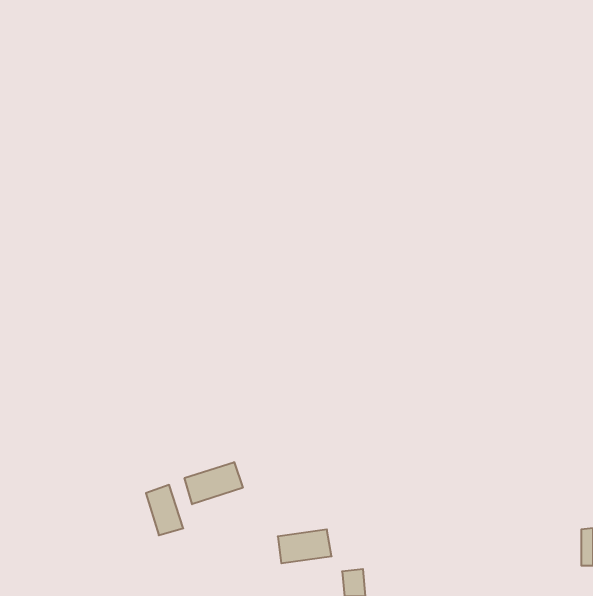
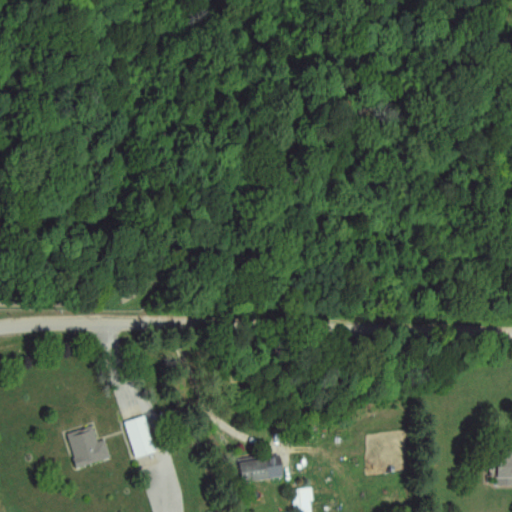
building: [185,462,243,504] -> none
building: none -> [67,426,111,467]

